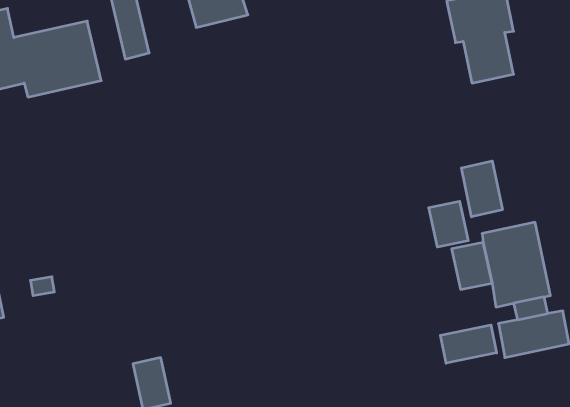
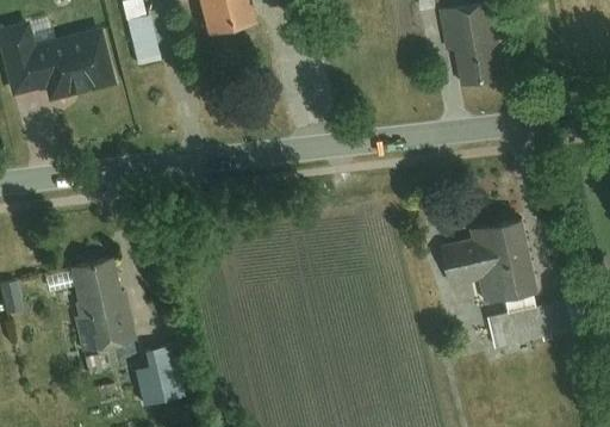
building: [461,161,502,217] -> none
building: [429,201,468,247] -> none
building: none -> [69,258,137,351]
building: [440,325,497,363] -> none

